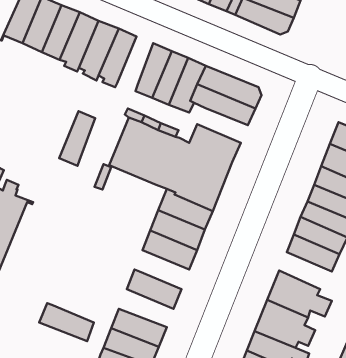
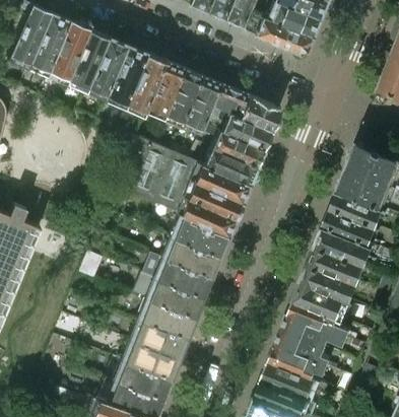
building: none -> [209,129,262,165]
building: [59,111,95,166] -> [126,55,163,112]
building: none -> [144,277,201,318]
building: none -> [294,279,349,319]
building: [39,303,94,341] -> [128,318,185,357]

